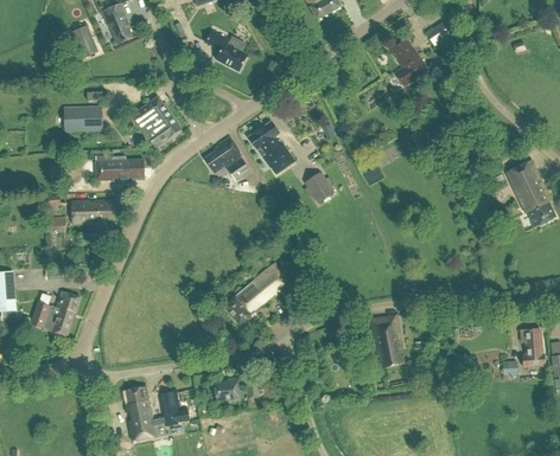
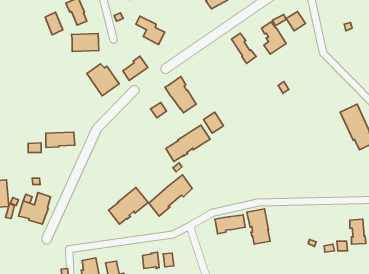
building: none -> [232,33,256,64]
building: [62,105,102,131] -> [71,34,99,51]
building: [203,136,240,172] -> [123,56,148,80]
building: [95,155,144,181] -> none
building: none -> [166,125,210,161]
building: none -> [108,187,148,224]
building: none -> [215,215,245,234]

